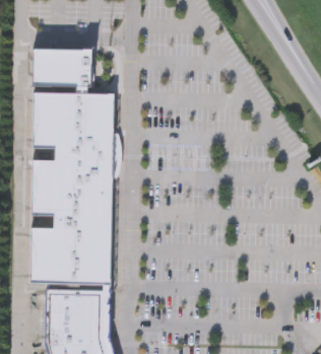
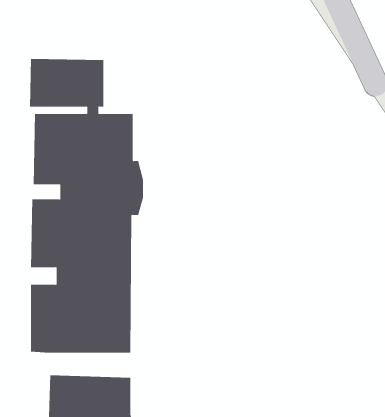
building: [46,291,111,310] -> none

